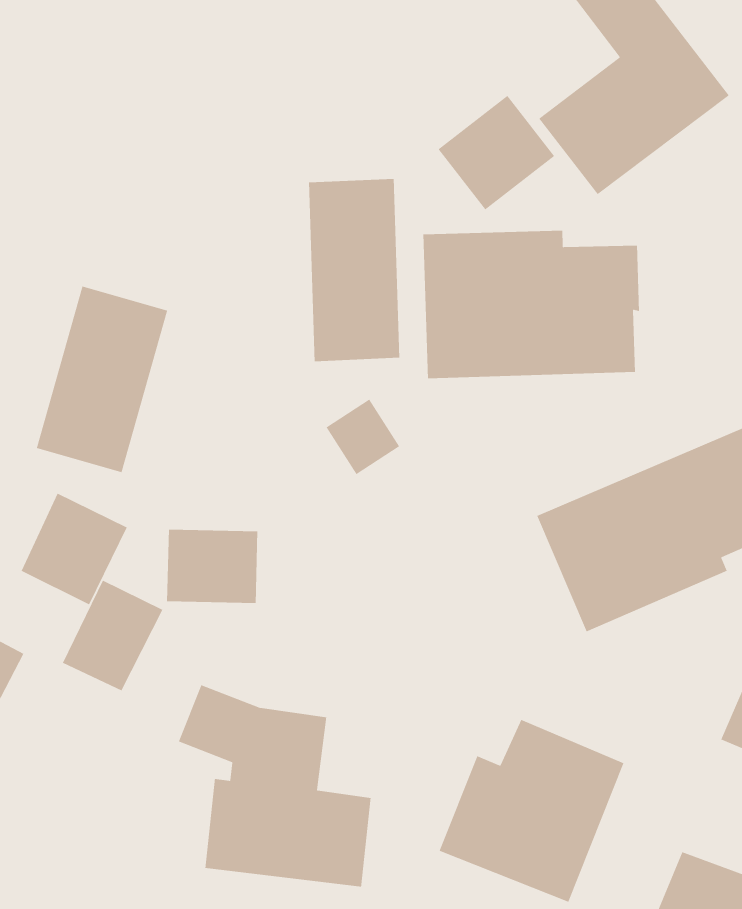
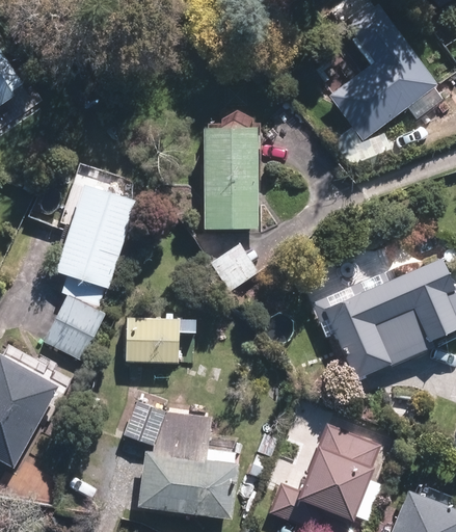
building: [437,95,555,210] -> none
building: [422,230,640,379] -> none
building: [62,580,164,692] -> none

